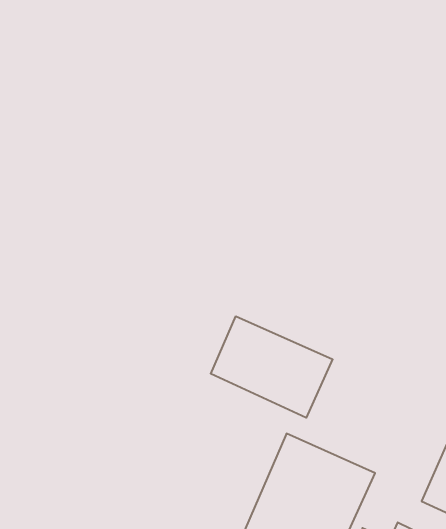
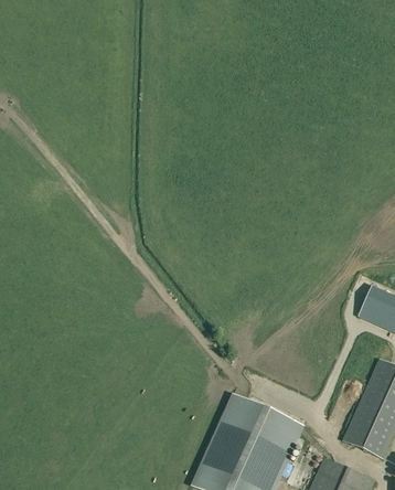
building: [211,316,333,418] -> none

